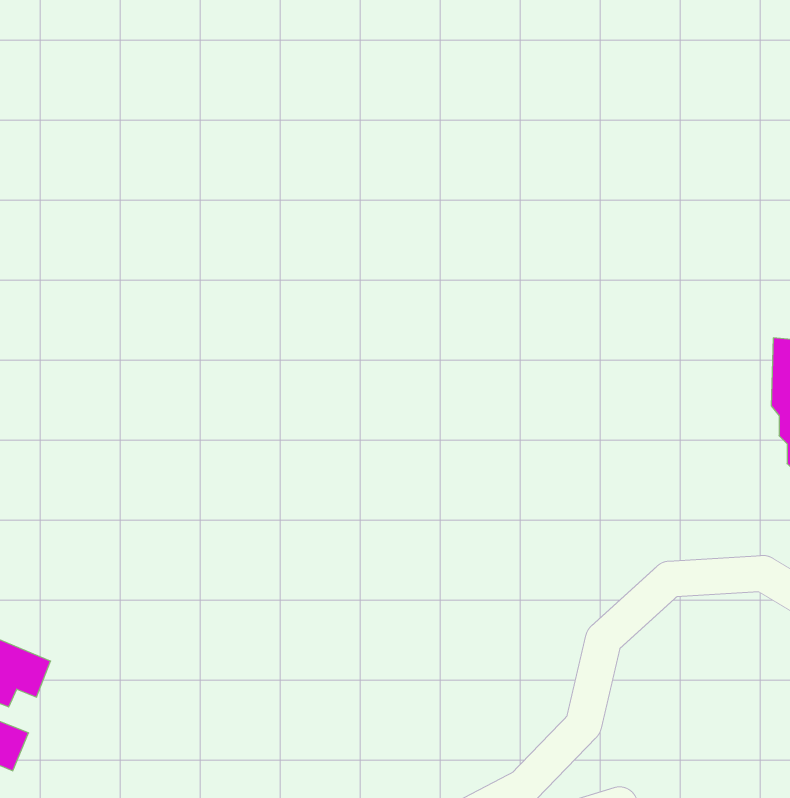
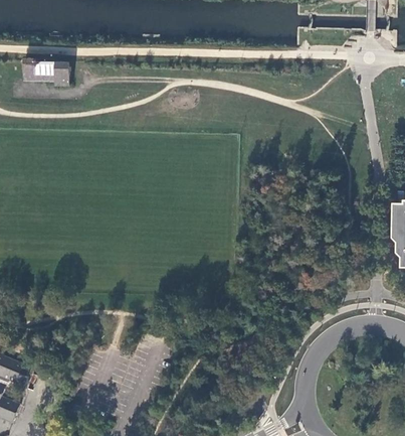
building: none -> [21,61,65,84]

